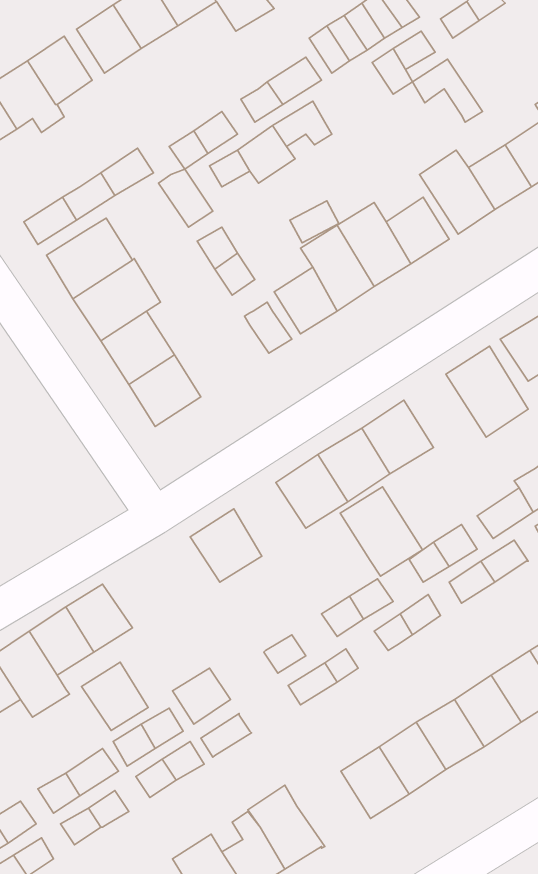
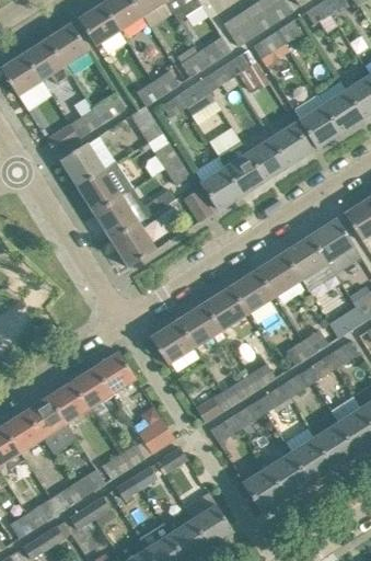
building: [413,59,483,122] -> [225,49,269,89]
building: none -> [176,302,221,348]
building: [340,487,423,576] -> [282,234,334,290]
building: [82,662,148,730] -> [94,351,136,393]

